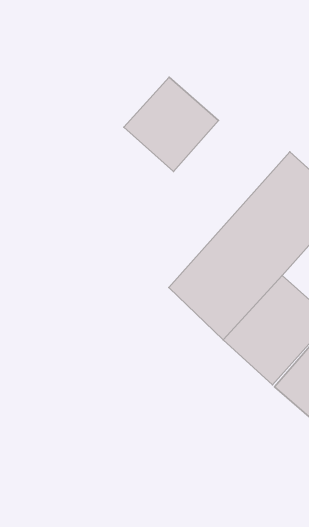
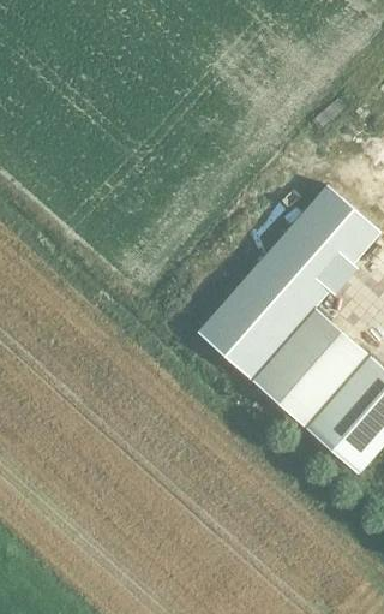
building: [124,77,219,172] -> none

